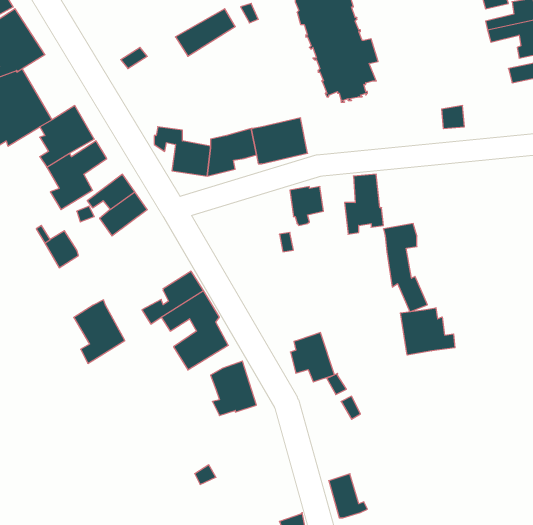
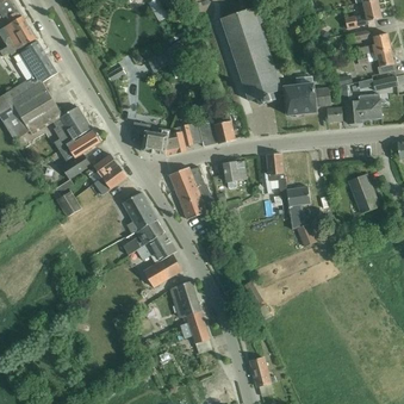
building: none -> [284,75,329,117]
building: none -> [343,94,379,123]
building: none -> [169,166,216,218]
building: none -> [348,173,379,212]
building: [74,300,125,363] -> [122,191,156,234]
building: [400,308,455,355] -> none
building: [290,333,334,382] -> [180,309,210,342]

